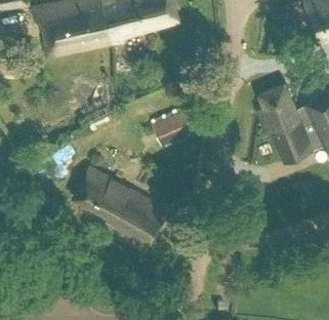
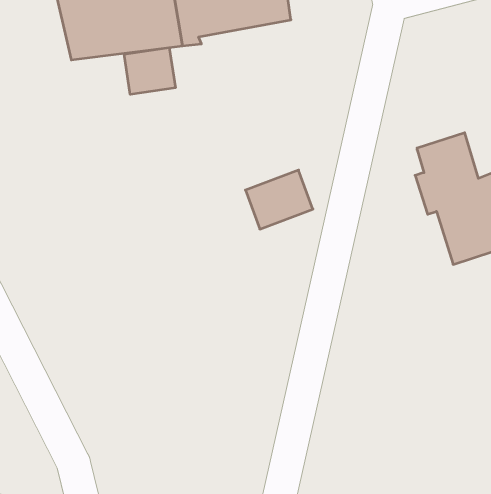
building: none -> [124,48,175,94]
building: [73,166,167,244] -> none

